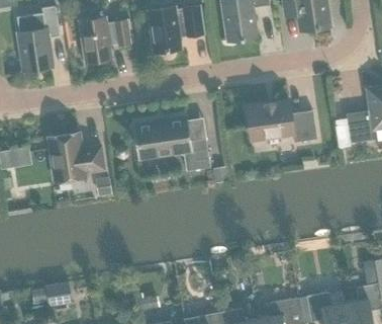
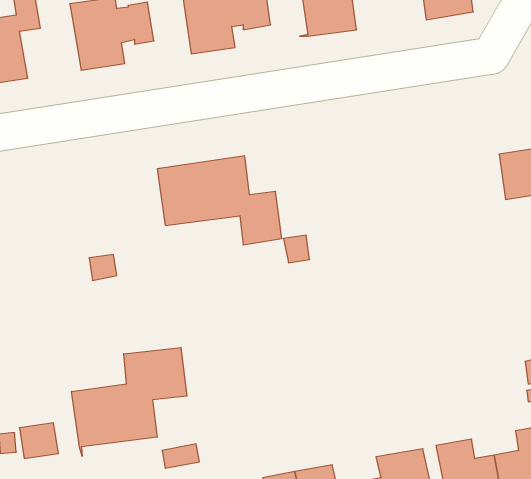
building: [246,101,316,142] -> none
building: [50,133,104,181] -> none
building: none -> [72,347,187,456]

